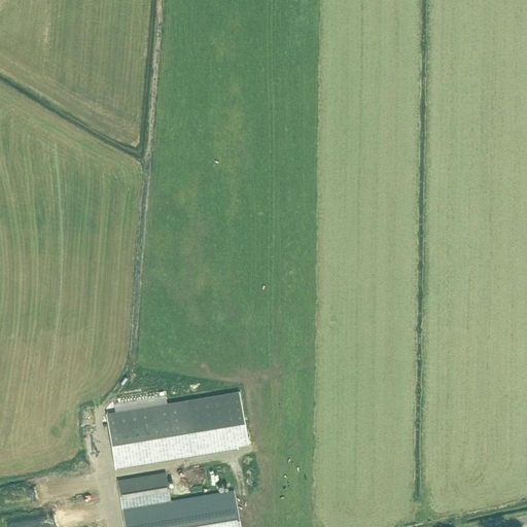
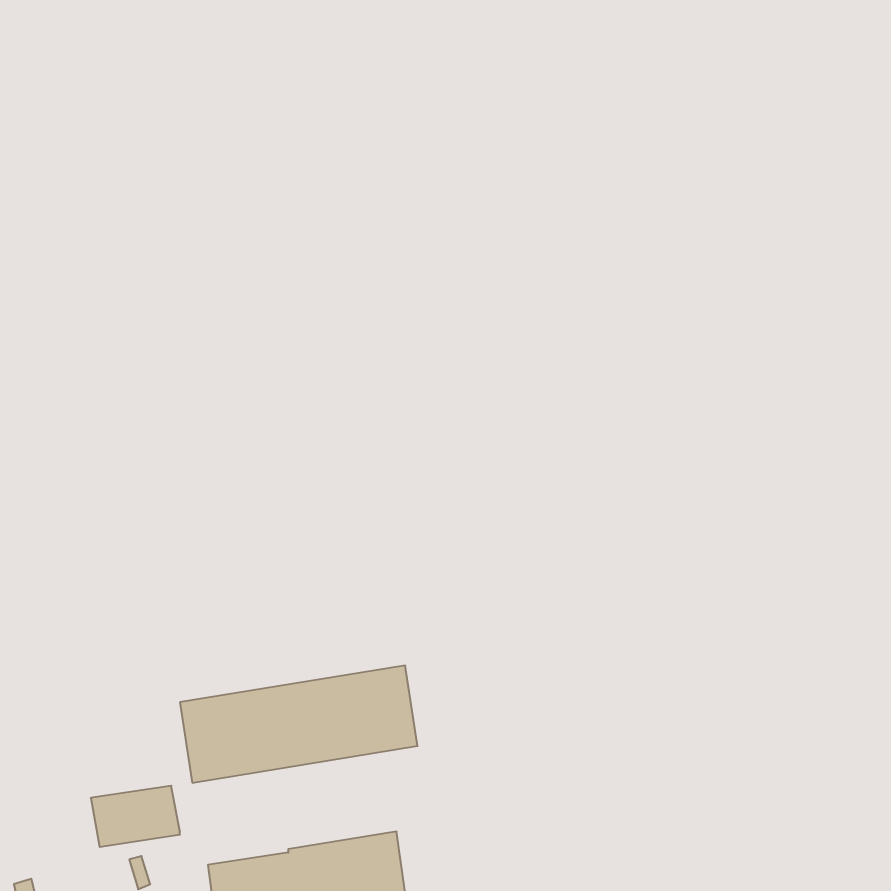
building: [118,475,171,511] -> [91,786,180,847]

